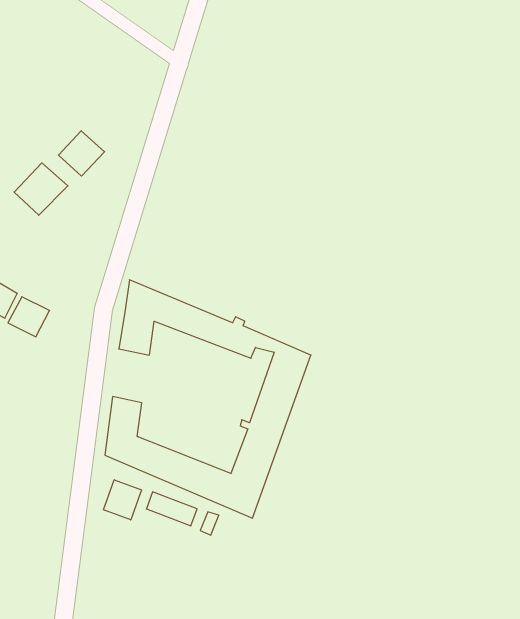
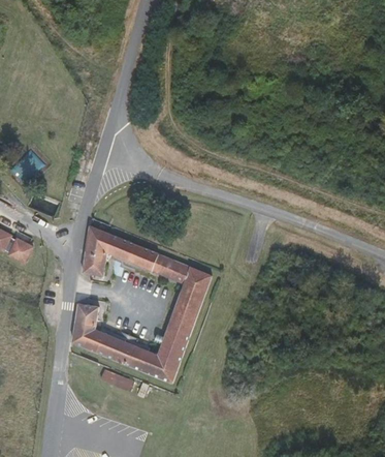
building: [58,131,105,176] -> none
building: [104,480,141,520] -> none

